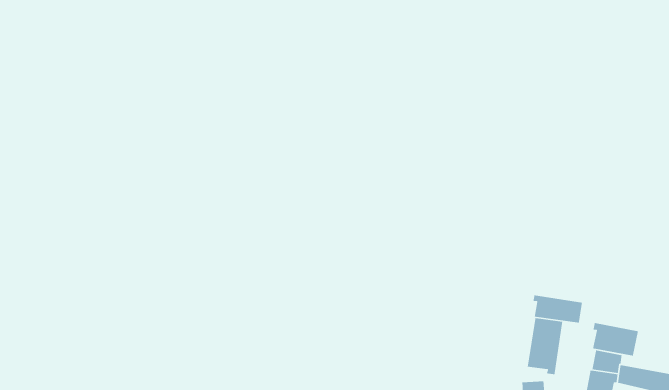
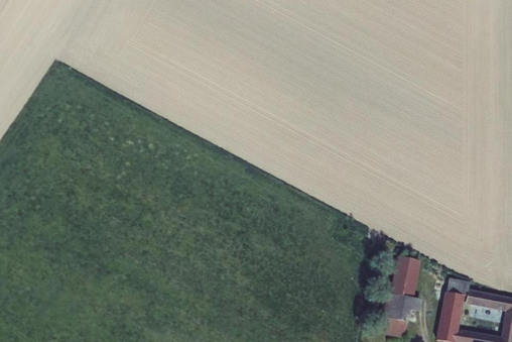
building: [533,295,583,323] -> none
building: [592,322,639,357] -> none

